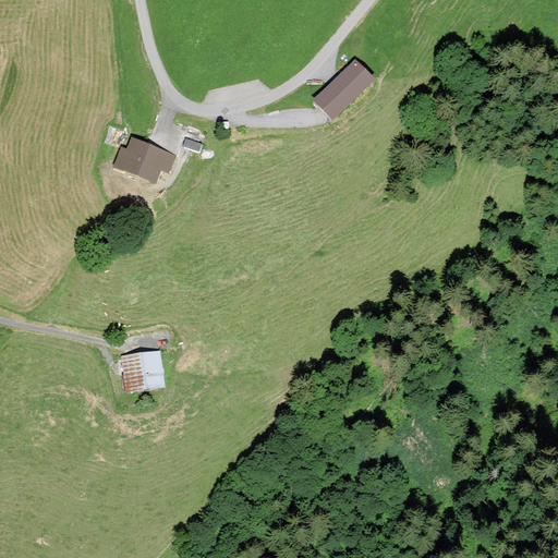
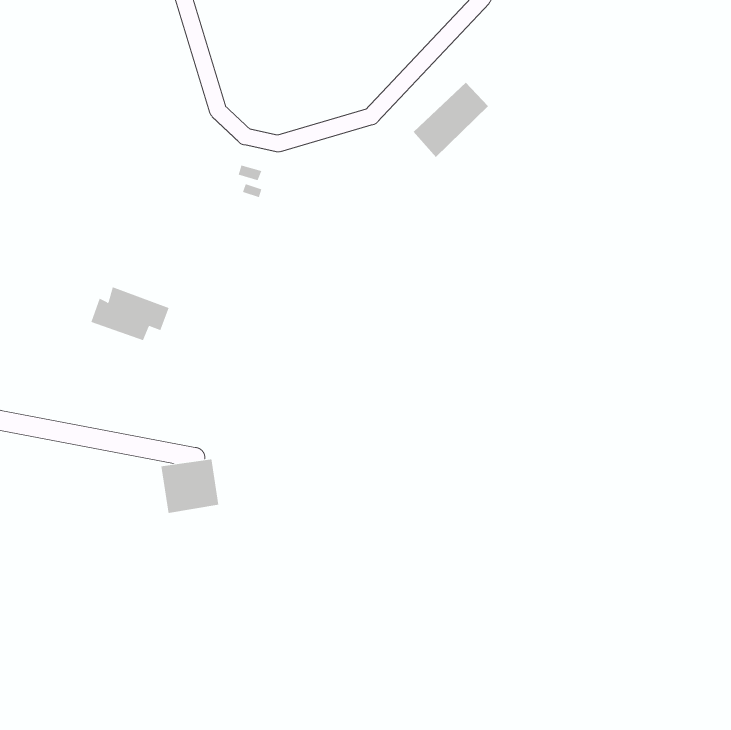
building: [114,138,174,180] -> [91,286,169,341]

